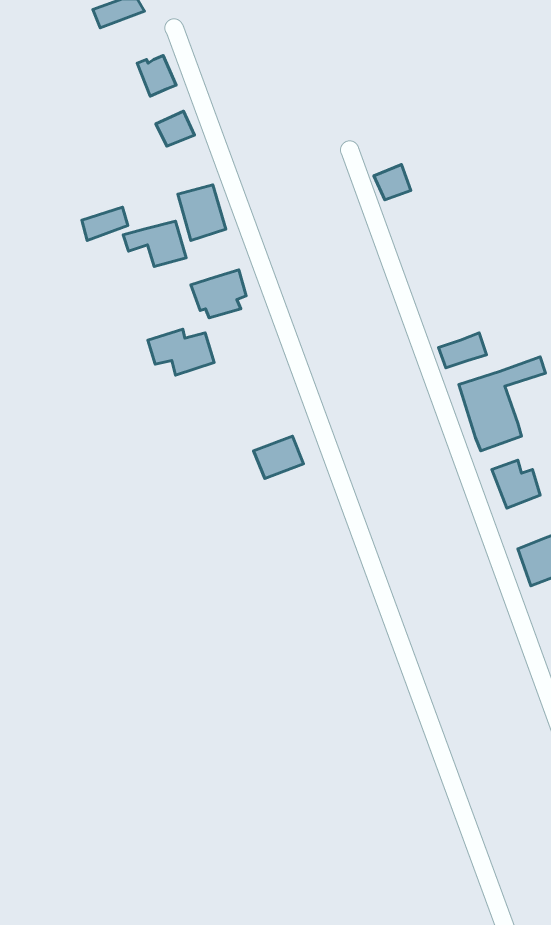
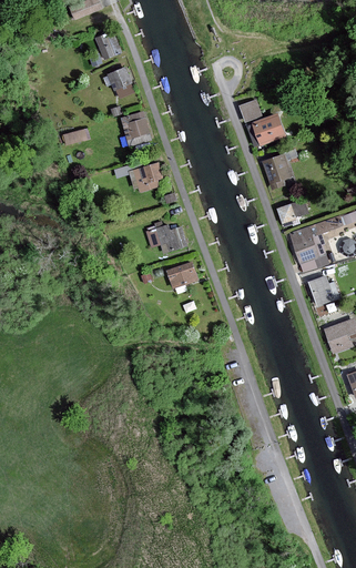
building: none -> [246,116,283,146]
building: [123,221,186,266] -> none
building: none -> [262,150,296,189]
building: [148,329,214,375] -> [146,225,186,253]

